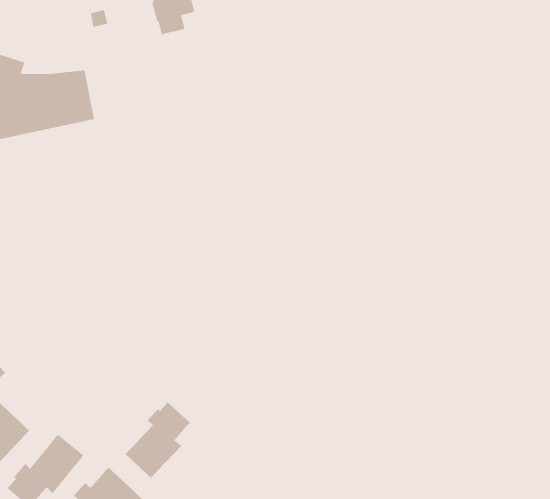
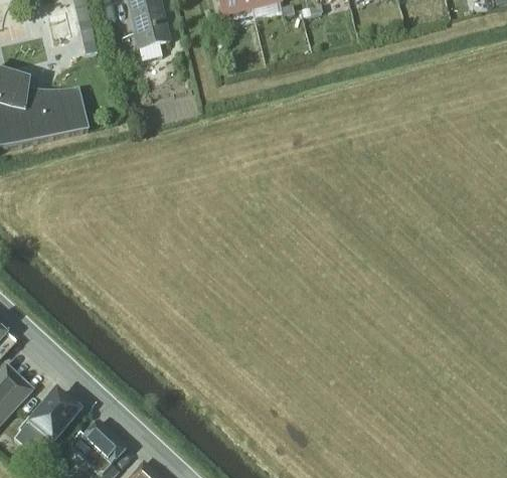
building: [125,402,190,478] -> none

